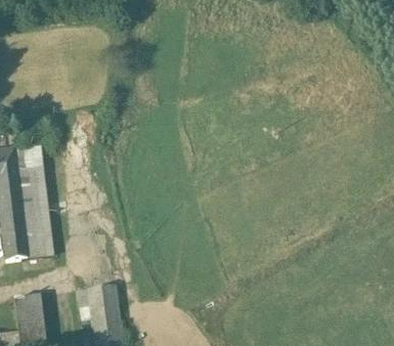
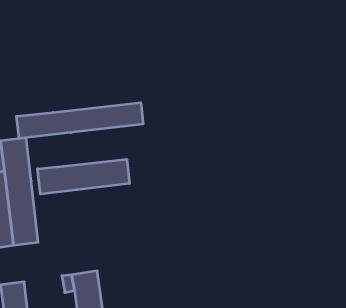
building: none -> [16,103,143,139]
building: none -> [38,159,129,194]

